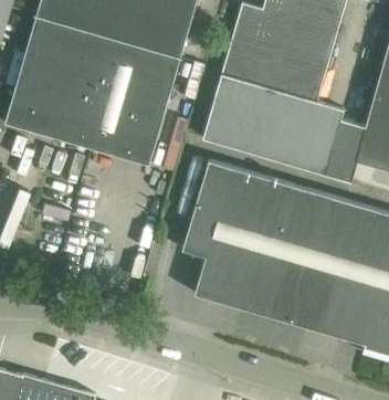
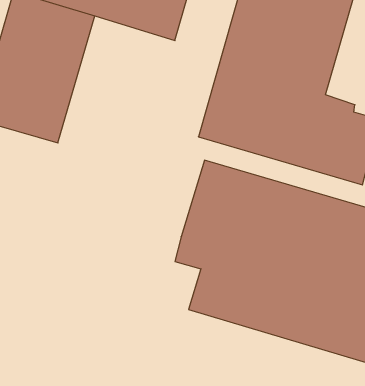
building: [76,32,181,167] -> none

